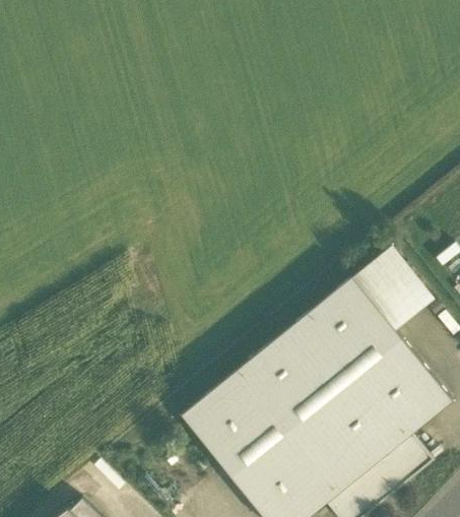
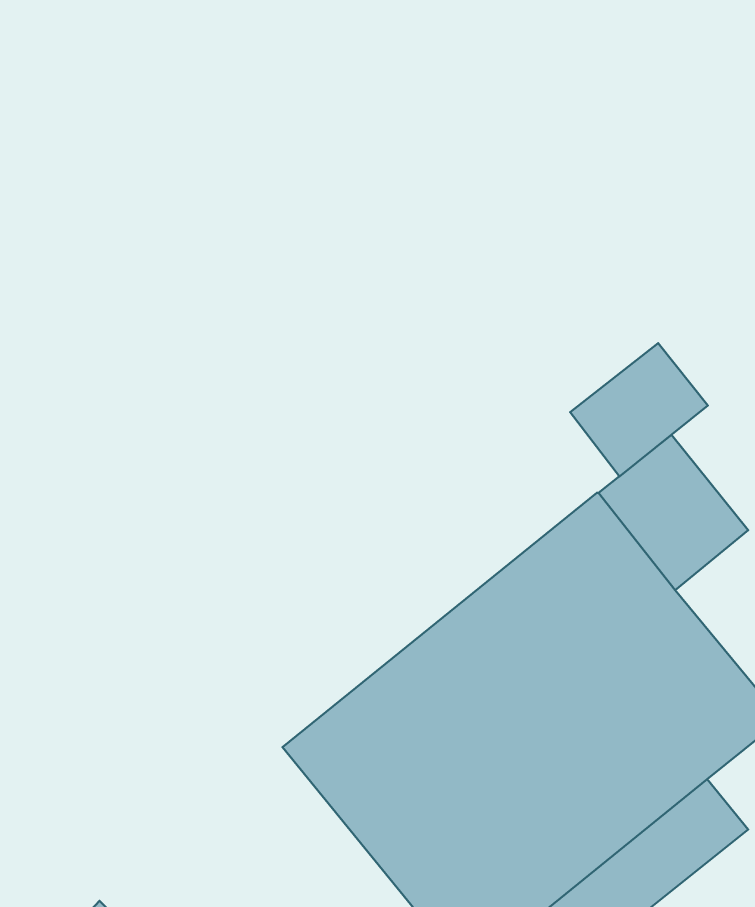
building: none -> [570,343,708,476]

